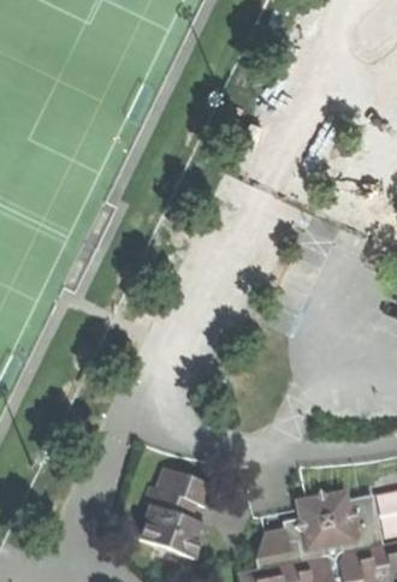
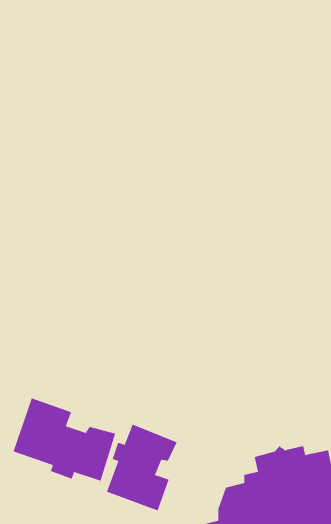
building: none -> [13,397,116,482]

